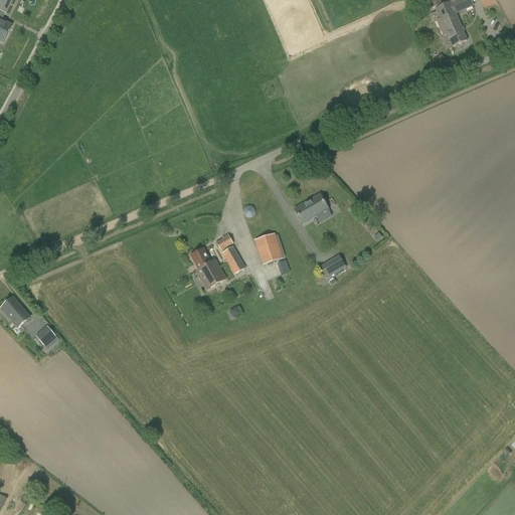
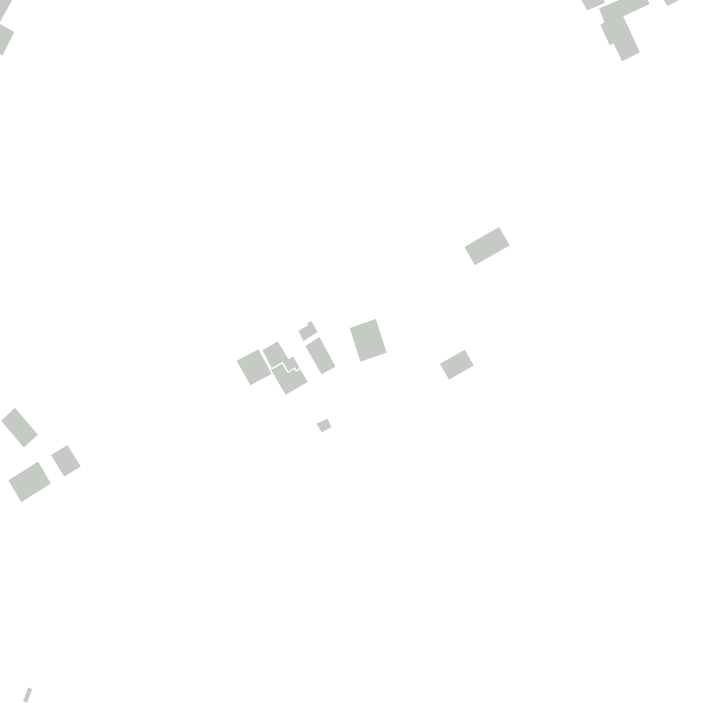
building: [293,192,327,221] -> [464,226,511,266]
building: none -> [236,349,273,386]
building: none -> [8,461,52,503]

